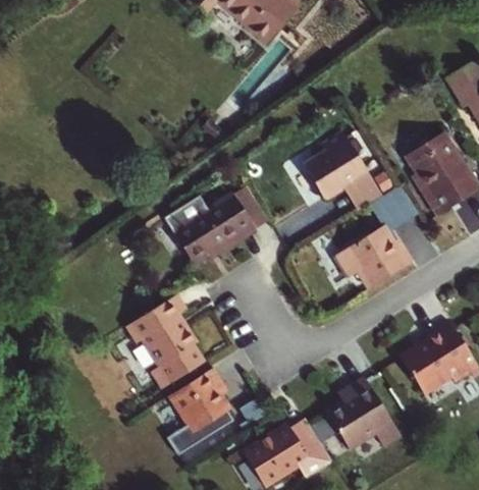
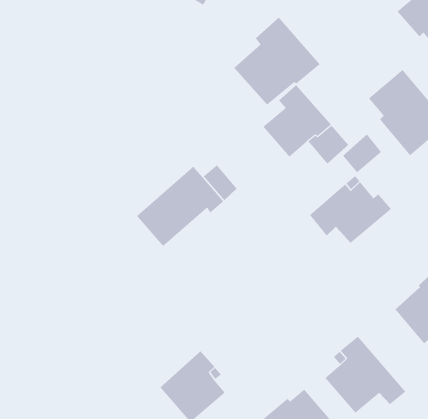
building: none -> [233,17,320,106]
building: [126,295,201,387] -> none

